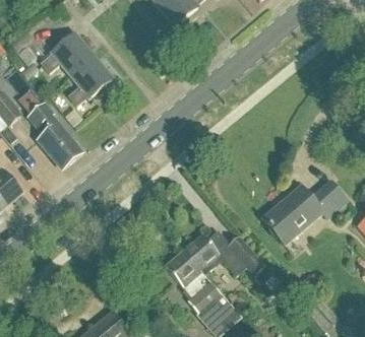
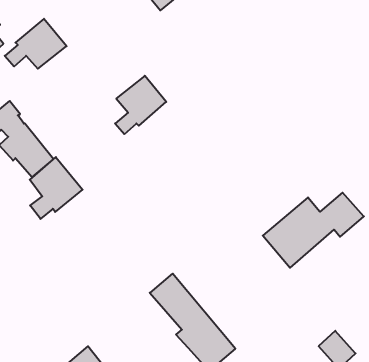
building: [68,56,112,106] -> [115,76,166,134]
building: none -> [30,157,83,219]
building: [184,231,264,314] -> none

